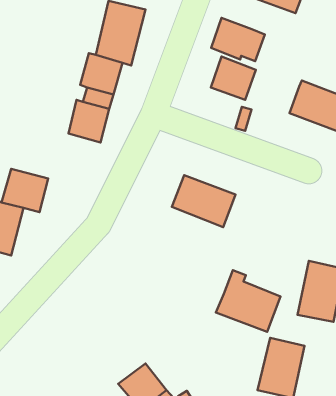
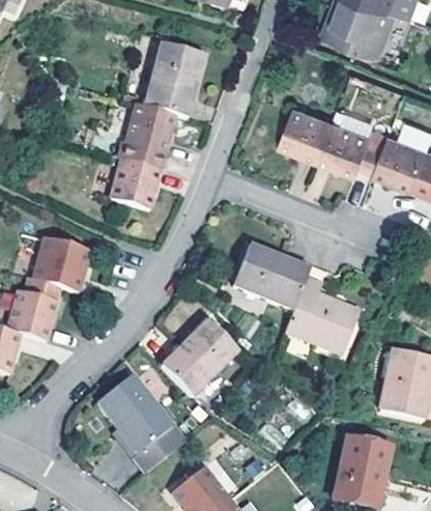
building: [211,18,265,61] -> [320,123,383,174]
building: none -> [162,319,237,396]
building: [216,270,280,332] -> [285,280,361,352]
building: none -> [96,375,185,474]

